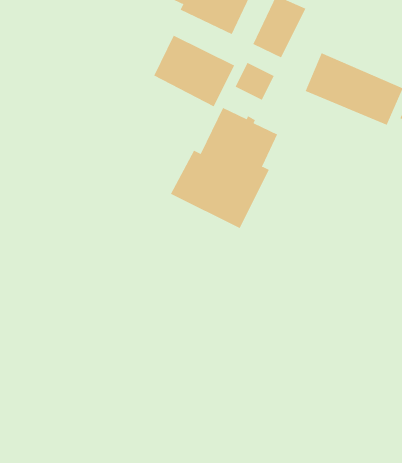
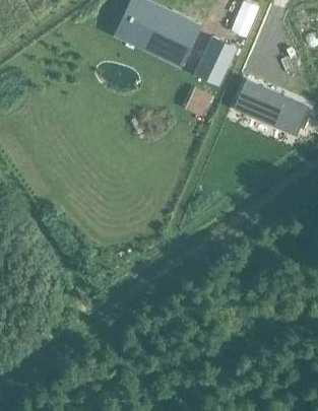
building: [154,35,235,107] -> none
building: [170,107,278,229] -> none

